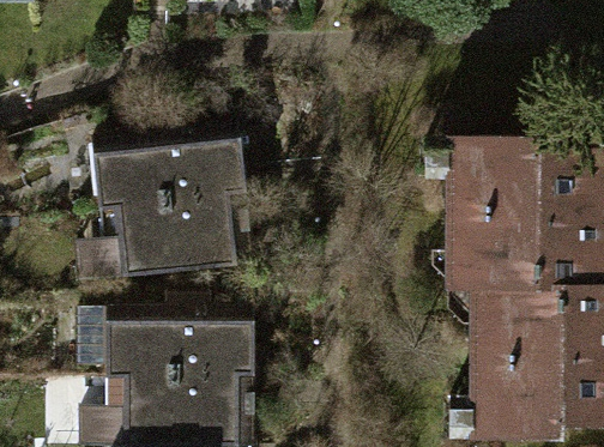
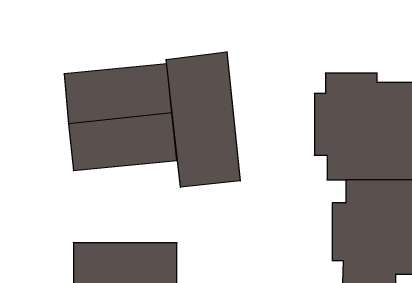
building: none -> [166,52,240,187]
building: [77,292,252,379] -> none

